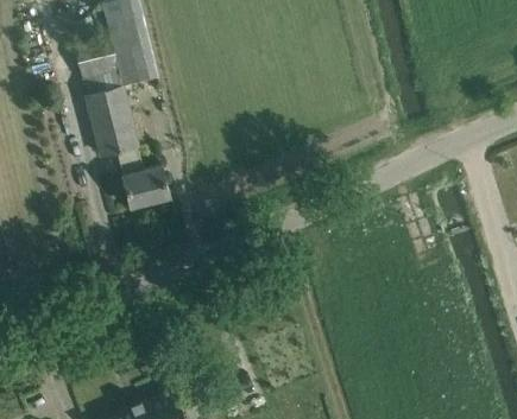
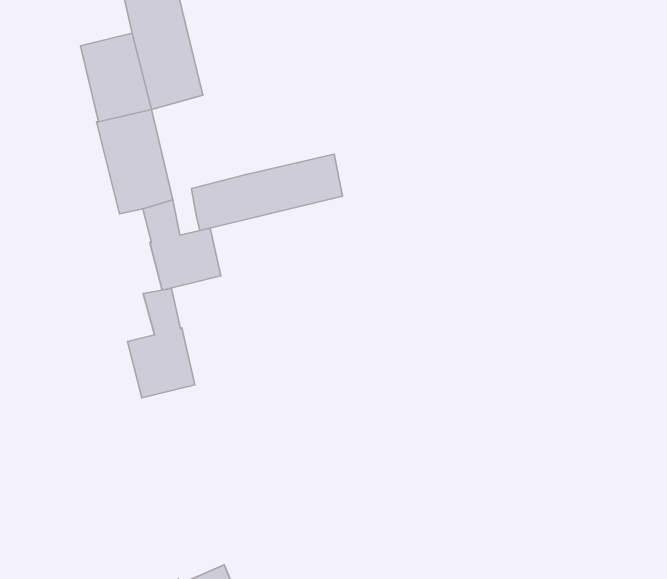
building: none -> [192,154,343,231]
building: none -> [127,289,195,398]

